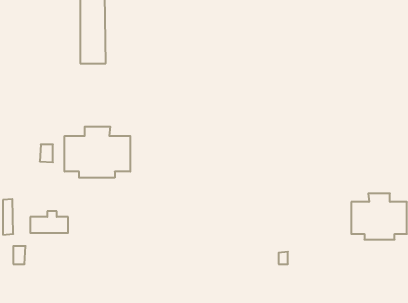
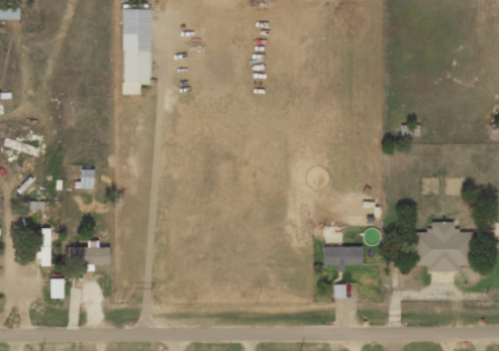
building: [65,127,130,178] -> none
building: none -> [323,246,363,272]

